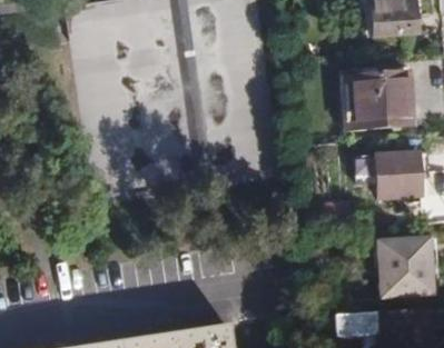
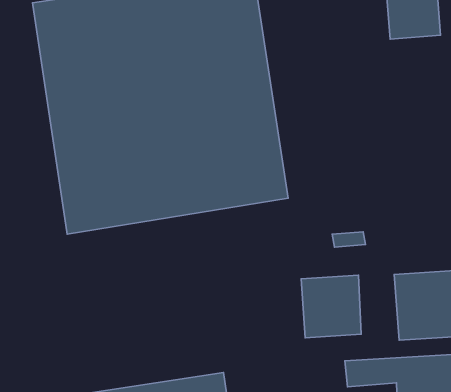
building: [342,71,411,129] -> none
building: [376,150,421,197] -> none
building: none -> [301,275,361,338]

